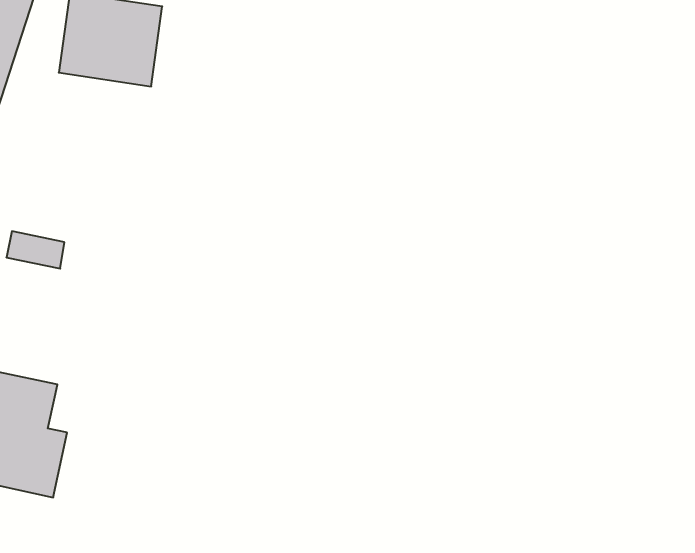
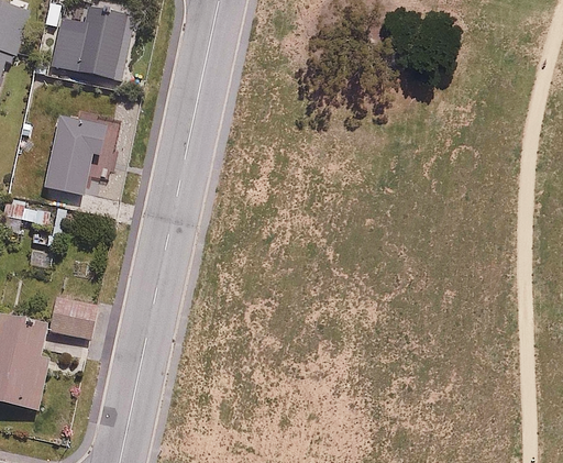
building: none -> [45,114,107,195]
building: none -> [44,298,97,339]

